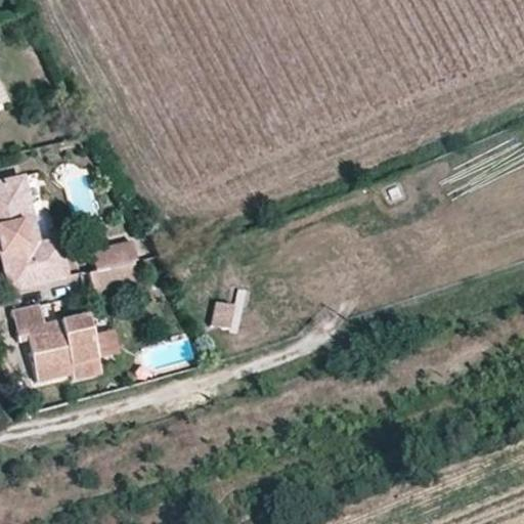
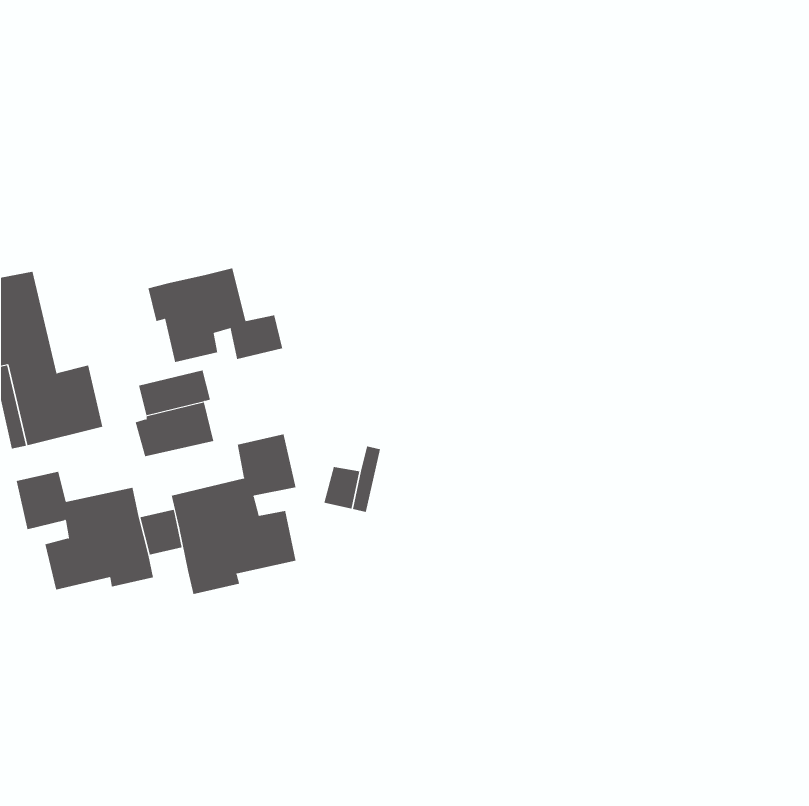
building: none -> [148,267,283,363]
building: none -> [171,434,296,595]

